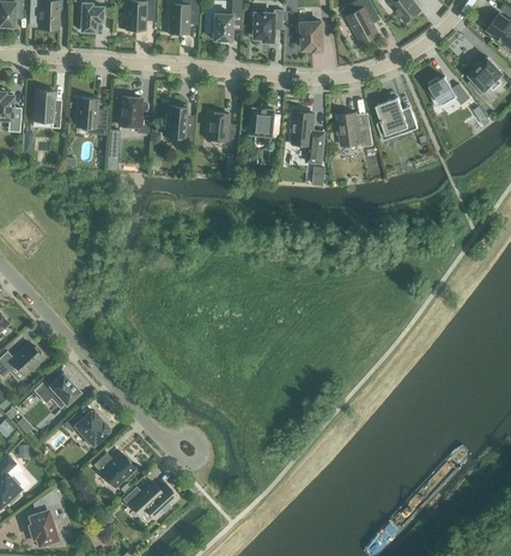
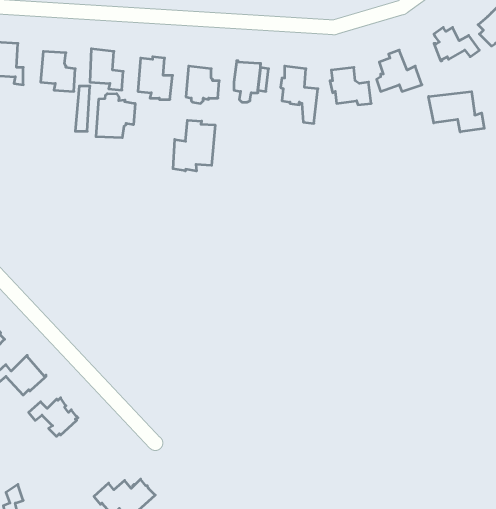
building: none -> [429,92,484,132]
building: none -> [96,94,135,138]
building: none -> [173,120,215,171]
building: [92,452,134,484] -> none

